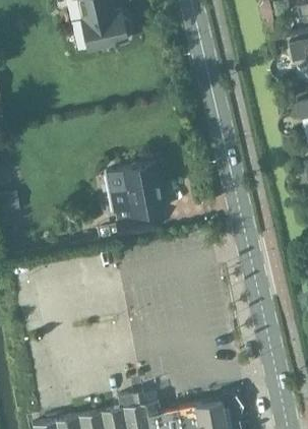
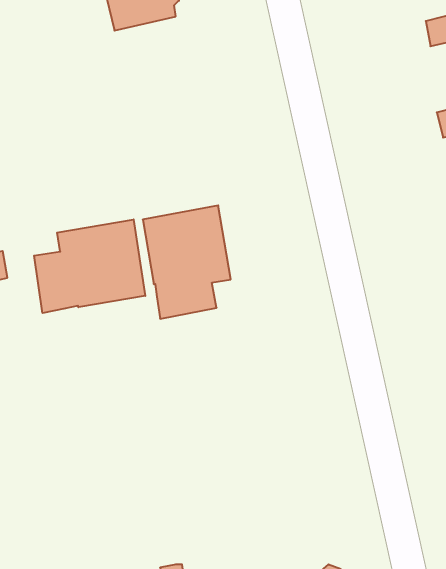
building: none -> [34,219,145,313]

